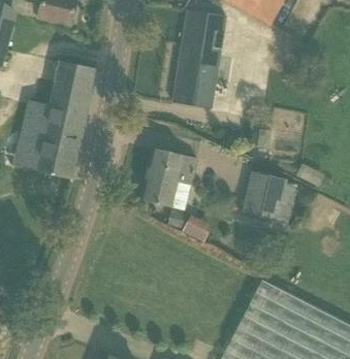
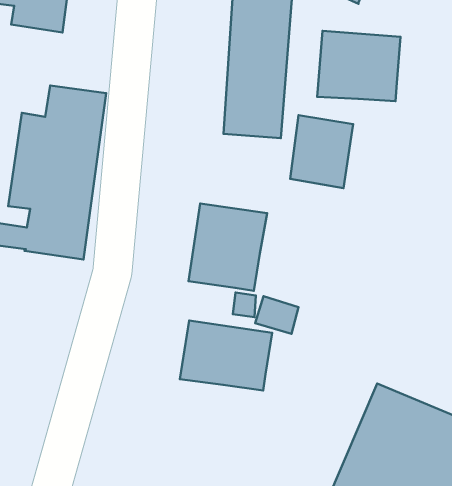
building: none -> [317,31,401,101]
building: [242,170,287,222] -> [290,115,353,188]
building: none -> [180,320,272,391]

